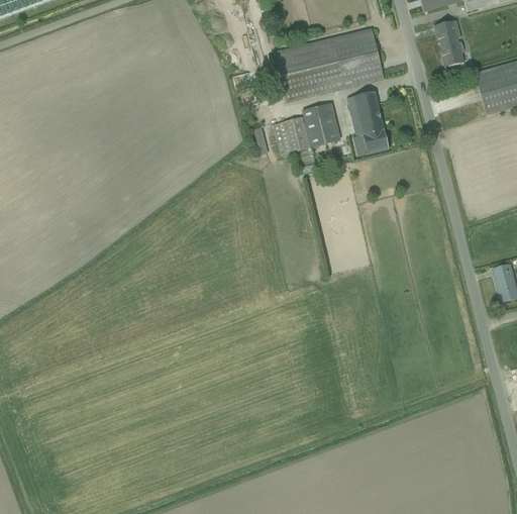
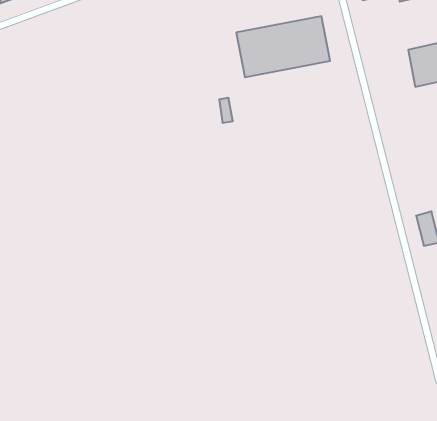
building: [432,16,463,64] -> none
building: [345,88,387,153] -> none
building: [273,99,340,150] -> none

